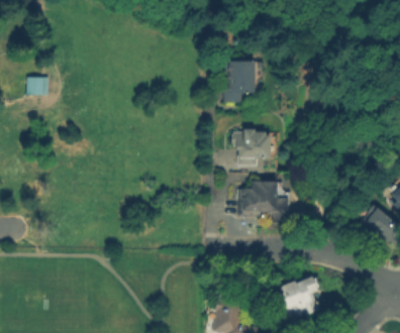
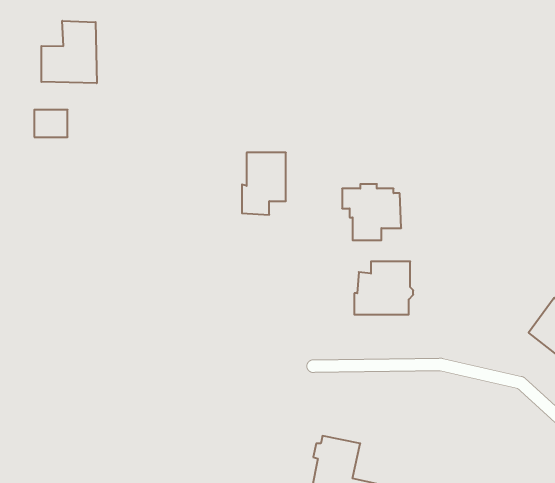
building: none -> [41,21,97,83]
building: [222,59,252,100] -> [242,153,286,215]
building: [276,279,318,320] -> none

